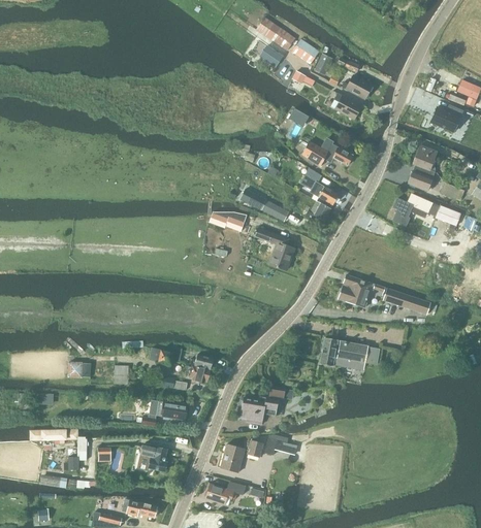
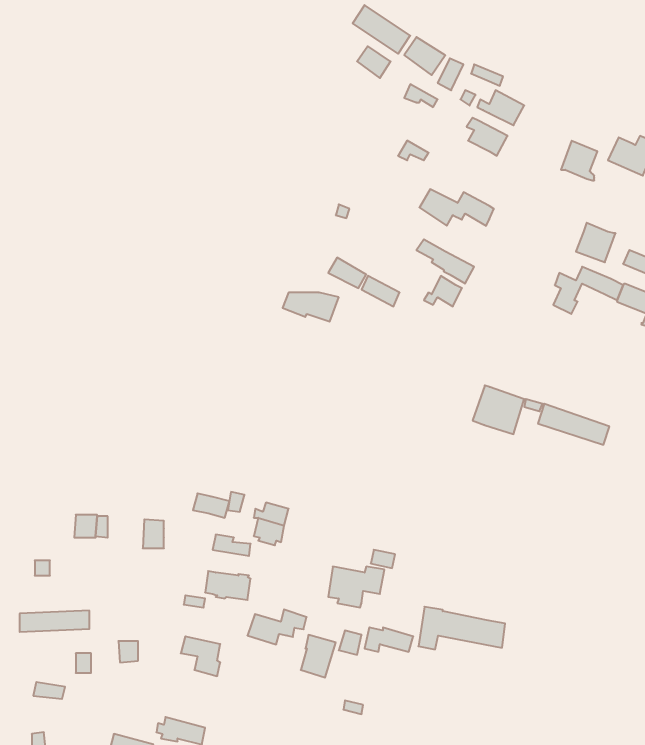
building: [413,144,438,171] -> [561,141,597,180]
building: [255,227,295,270] -> none
building: [321,337,380,366] -> [418,607,505,649]
building: [205,481,246,504] -> [247,609,307,644]

